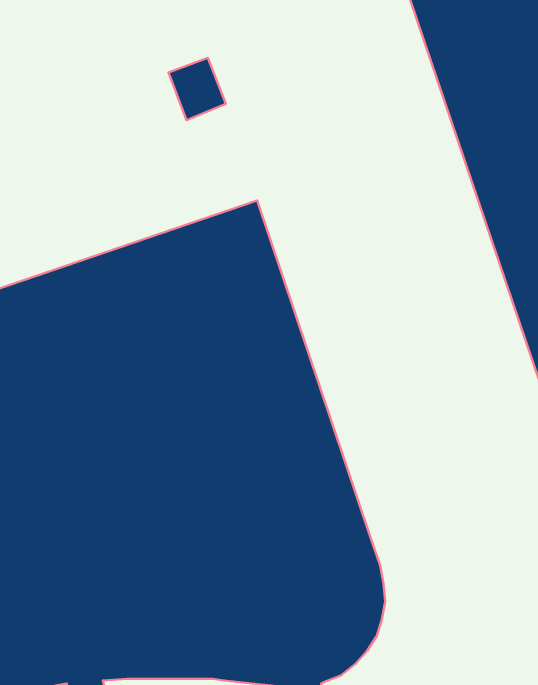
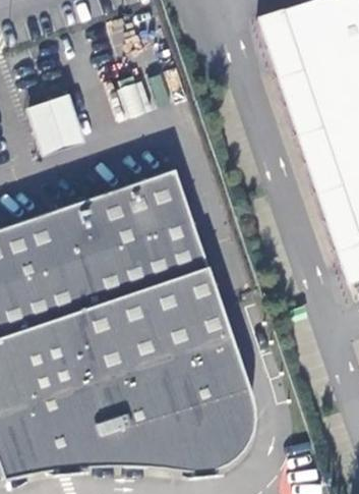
building: none -> [31,94,87,153]

